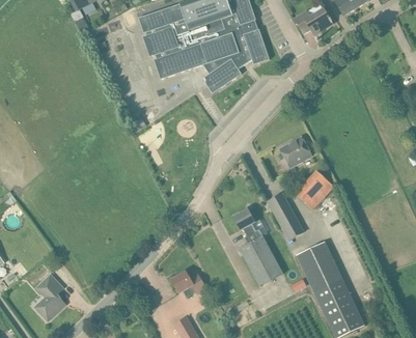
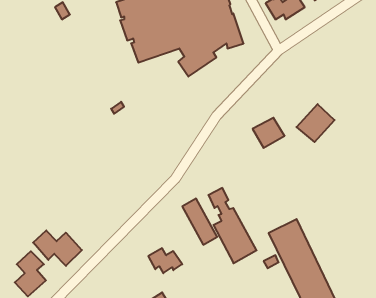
building: [295,169,334,208] -> [296,104,335,142]
building: [268,192,304,240] -> [182,199,217,245]
building: none -> [33,230,82,266]

